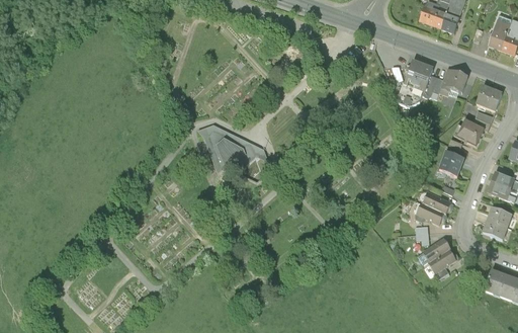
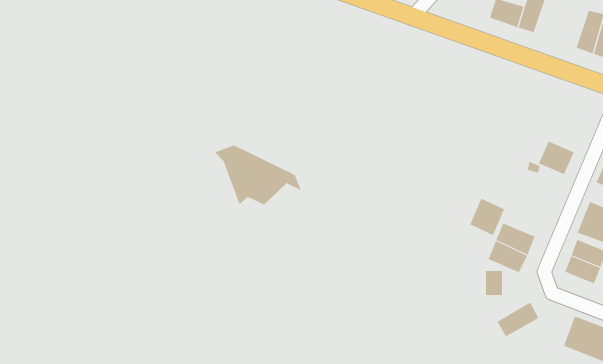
building: [401,59,434,95] -> none
building: [437,67,467,102] -> none
building: [474,84,503,113] -> none
building: [440,150,468,180] -> [470,198,505,236]
building: [417,237,451,265] -> none

